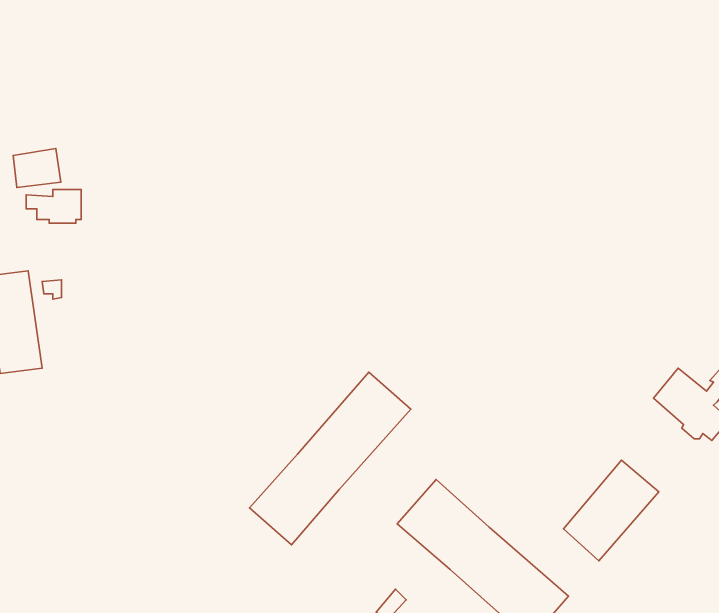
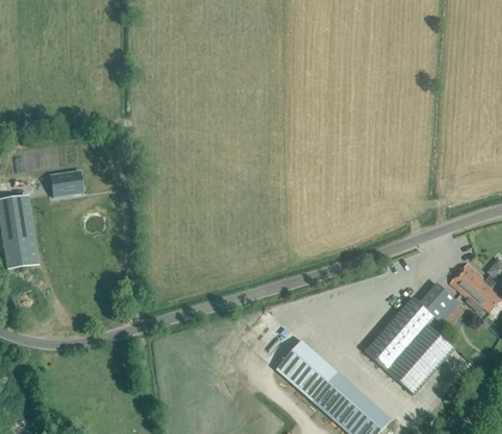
building: [13,149,61,187] -> [49,169,81,195]
building: [250,372,411,545] -> none
building: none -> [364,282,461,372]

